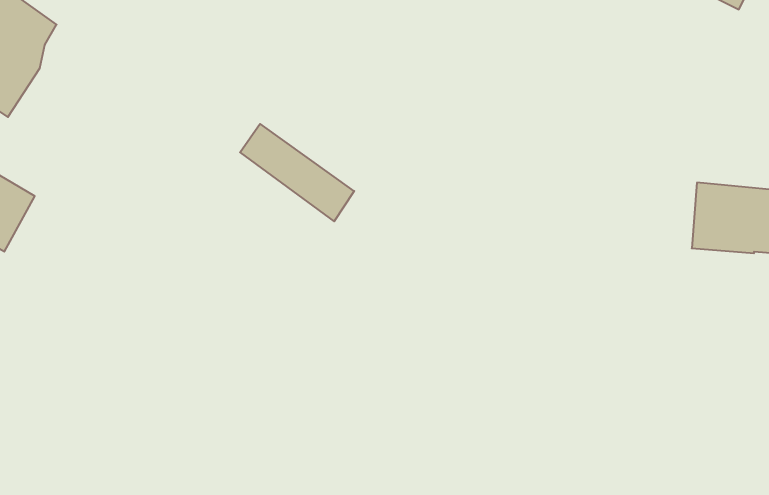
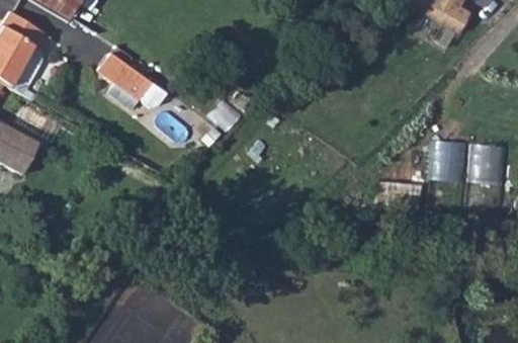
building: [240,124,354,221] -> [100,50,169,108]

